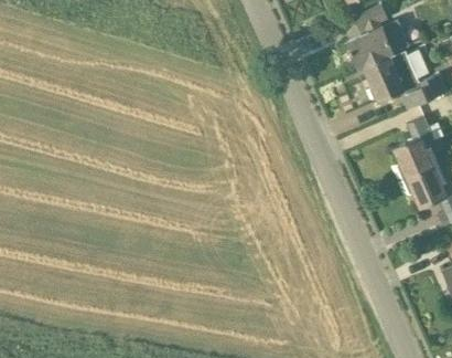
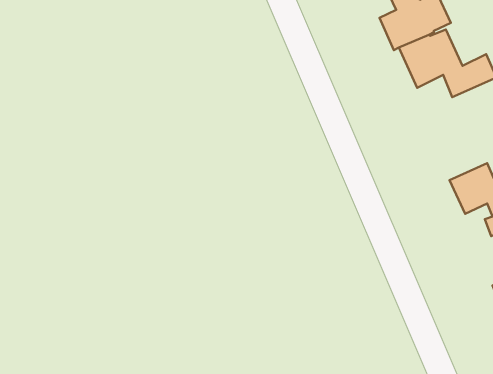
building: [392,117,439,181] -> none

